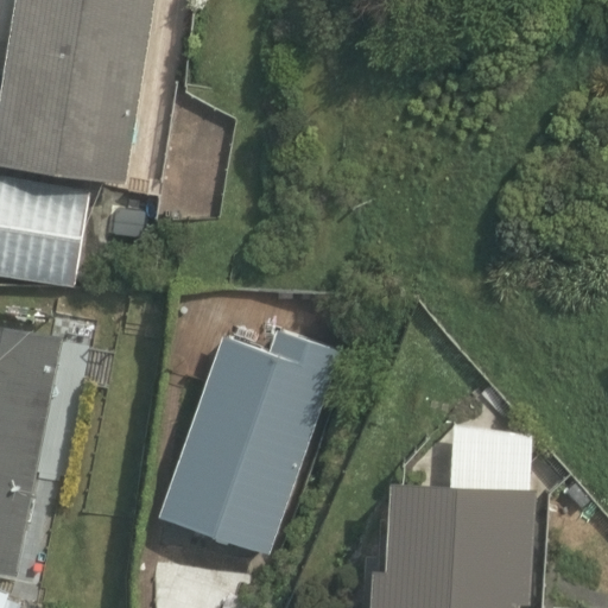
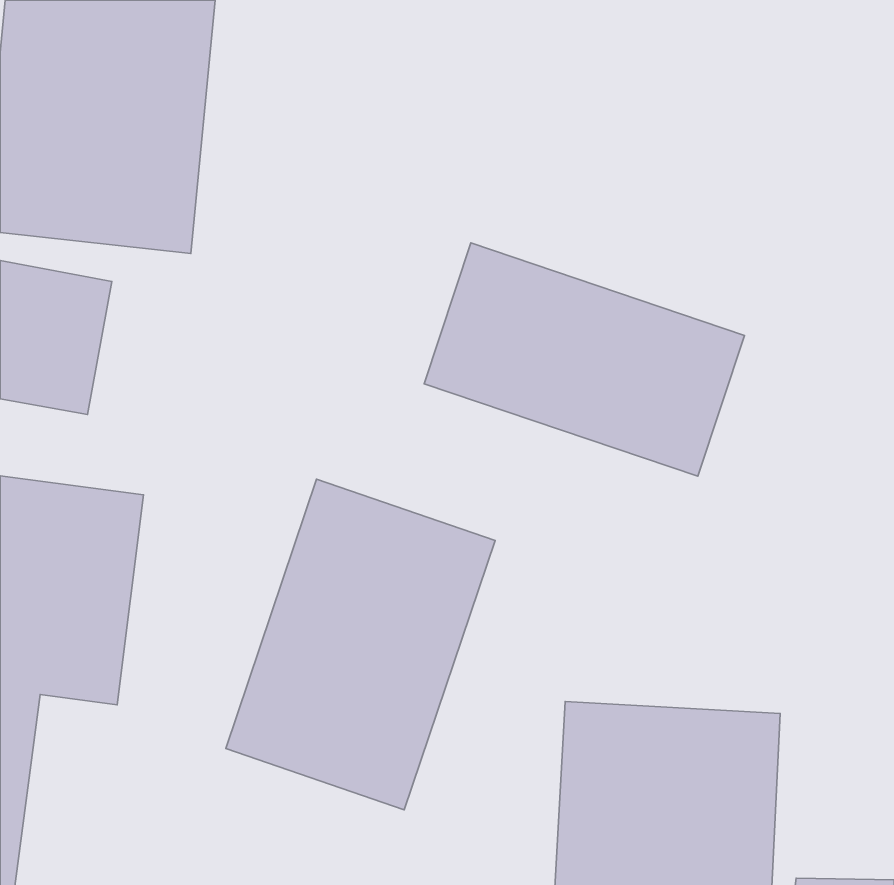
building: none -> [424,243,744,476]

